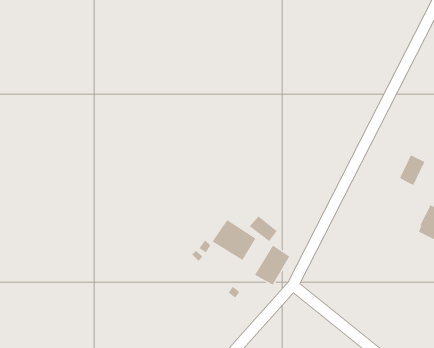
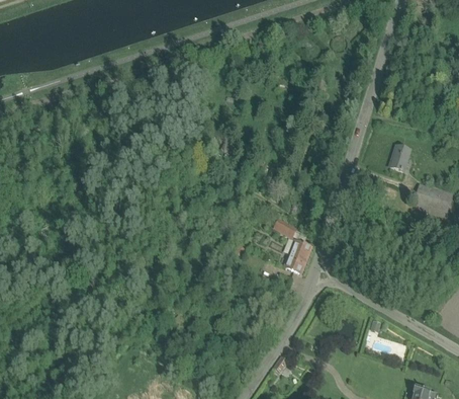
building: [212,219,256,261] -> none

